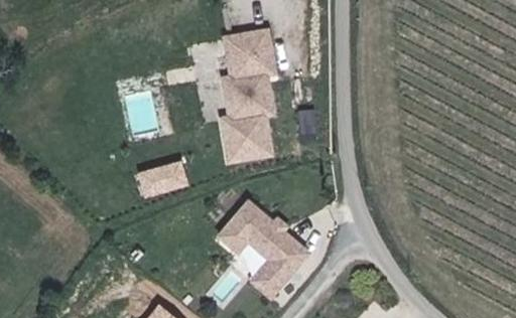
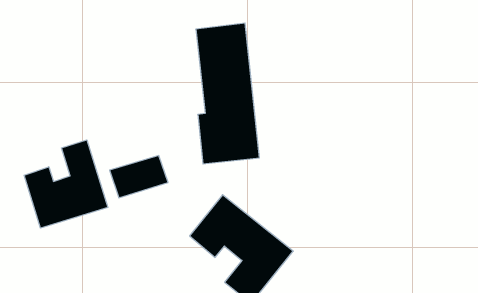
building: none -> [24,140,108,228]

